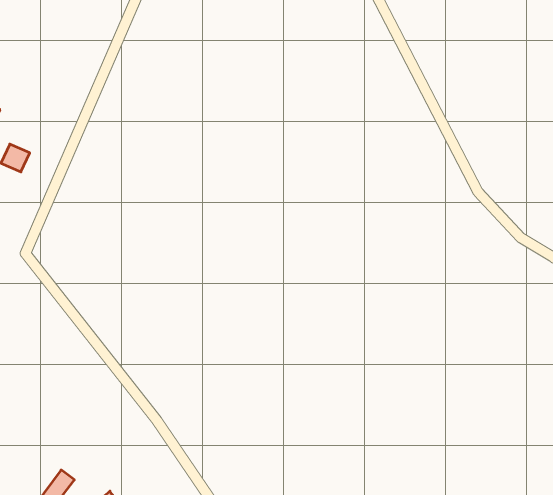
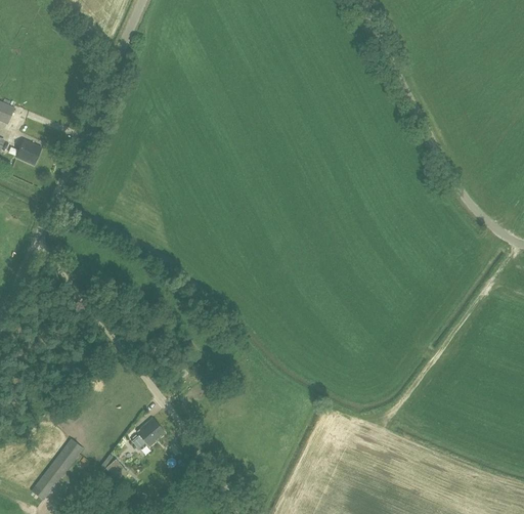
building: none -> [132,420,165,447]

